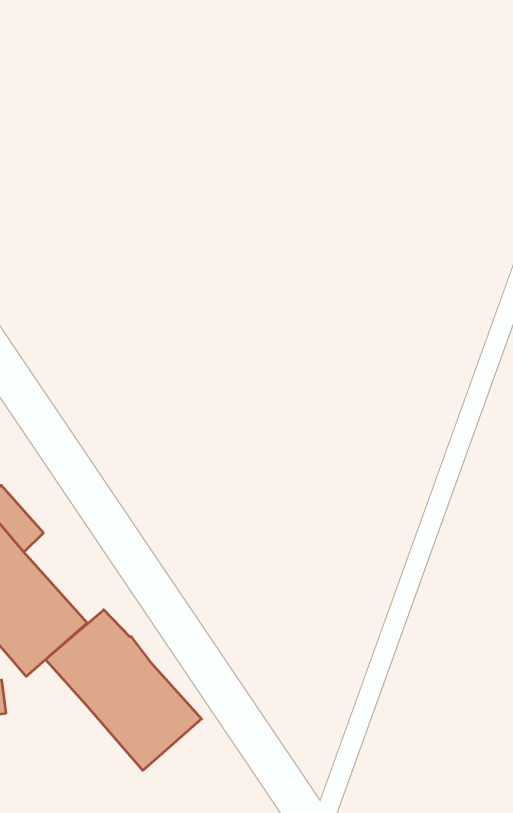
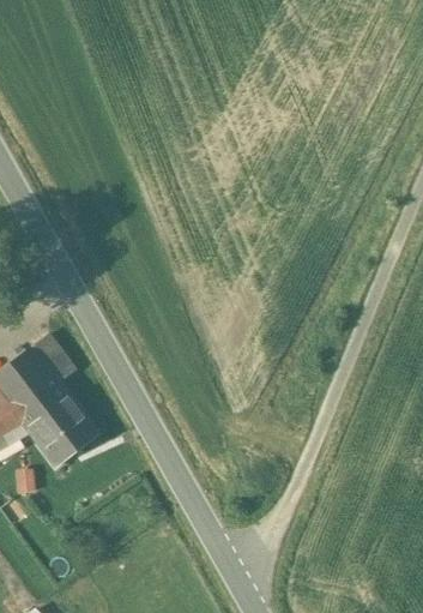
building: [45,610,202,770] -> none

